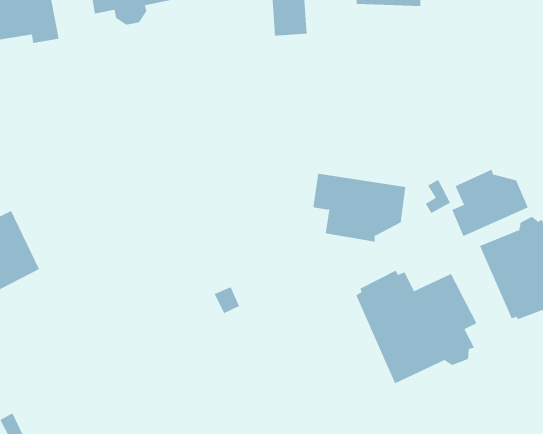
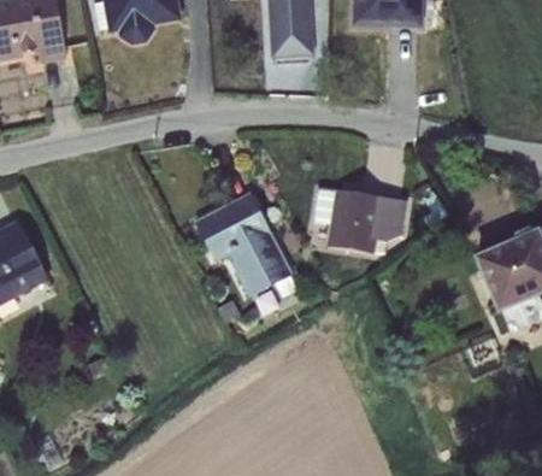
building: [451,169,528,237] -> none
building: none -> [196,193,299,298]
building: [355,270,477,384] -> none

